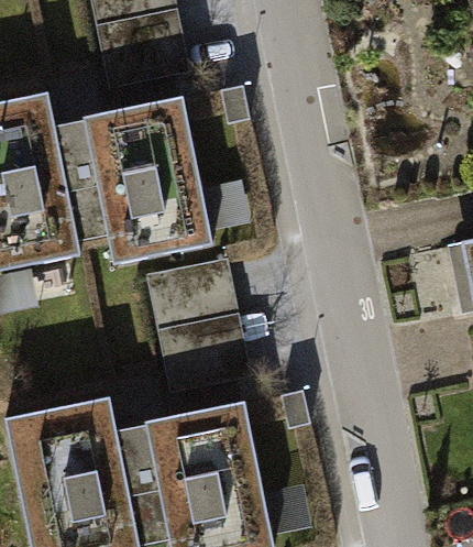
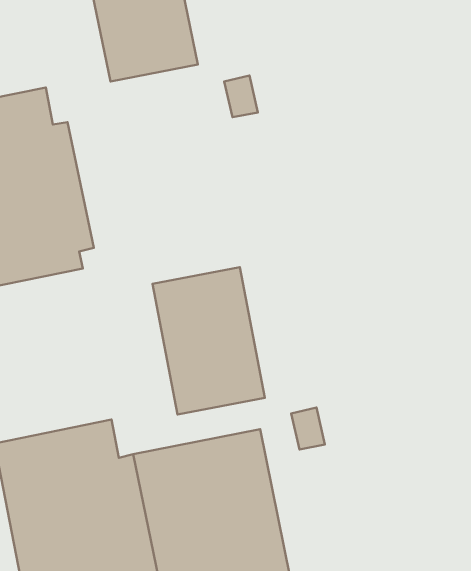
building: [68,98,215,263] -> none

